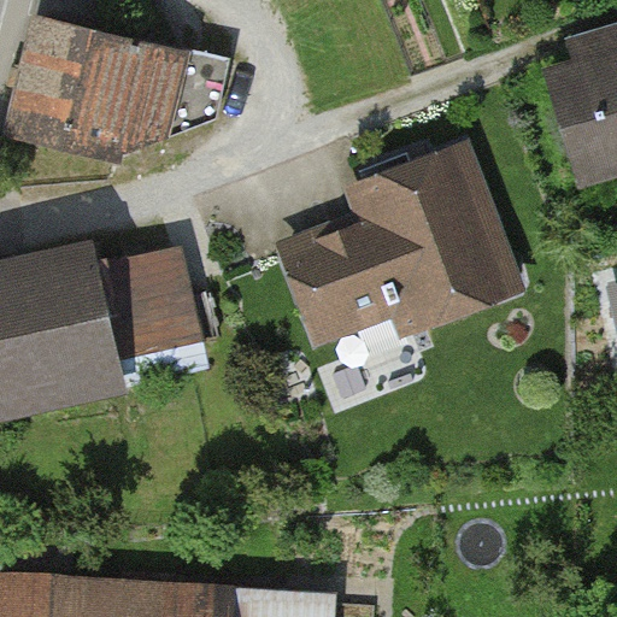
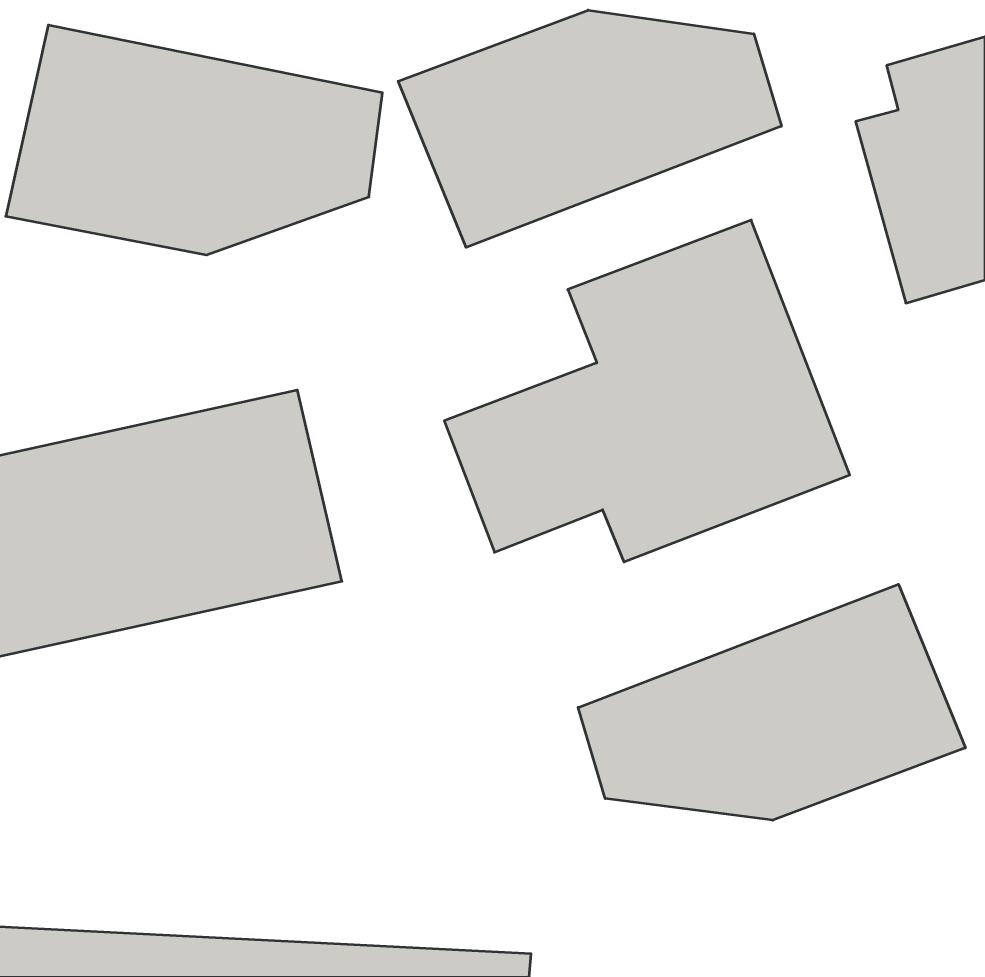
building: none -> [398,10,781,247]
building: none -> [578,584,965,820]

